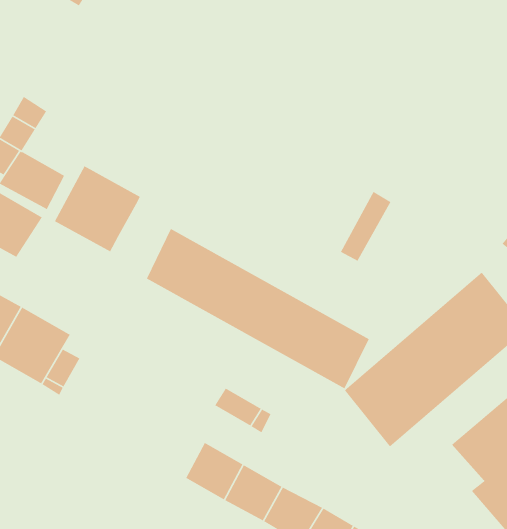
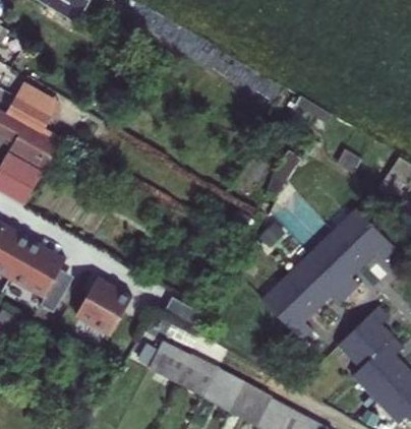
building: [54,165,141,253] -> none
building: [146,228,370,389] -> none
building: none -> [78,279,132,334]

